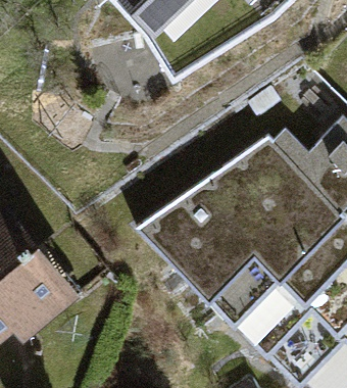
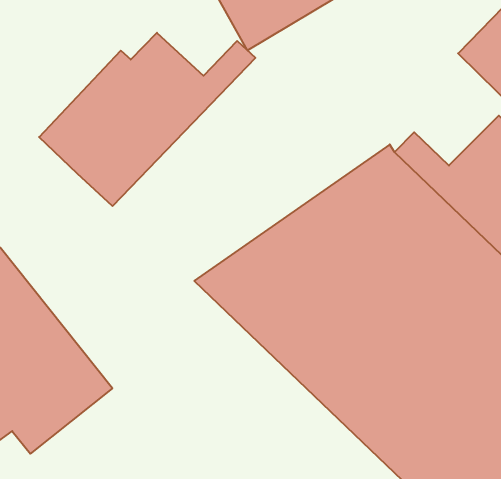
building: none -> [39,33,255,206]

